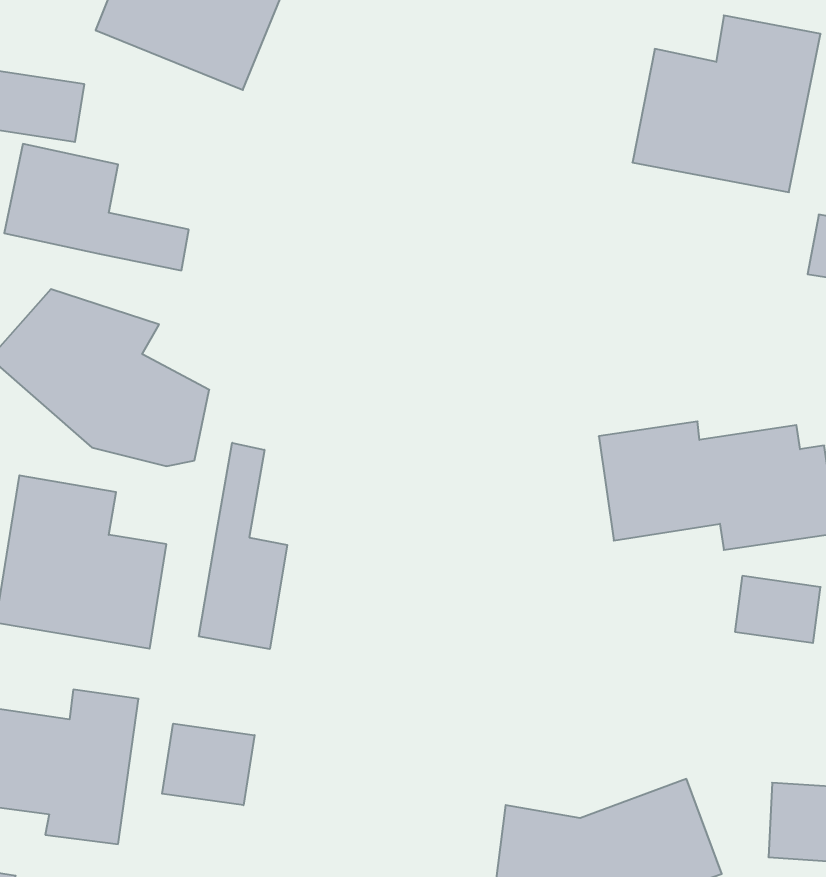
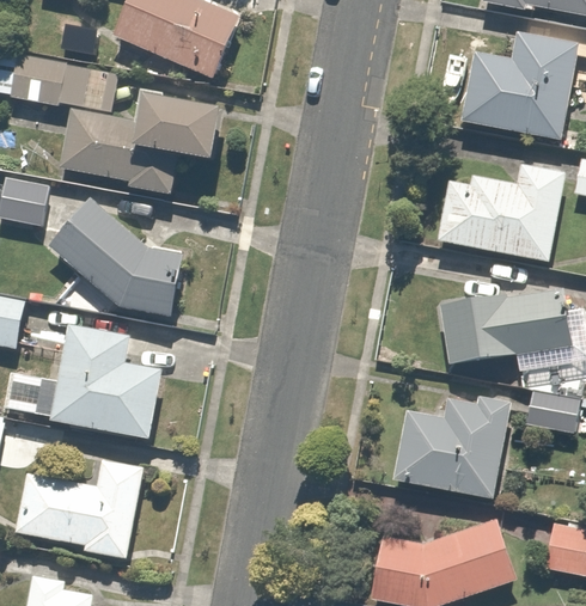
building: none -> [133,91,219,159]
building: none -> [440,163,562,257]
building: [199,443,287,649] -> none
building: none -> [392,404,509,508]
building: [162,724,255,805] -> none

